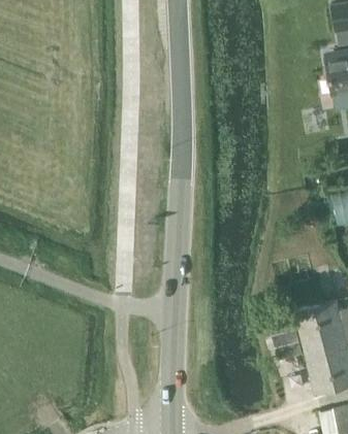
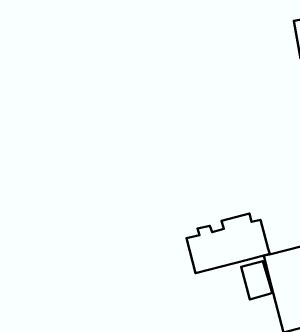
building: none -> [187,213,270,273]

